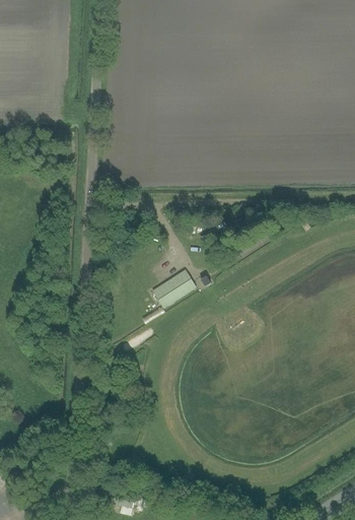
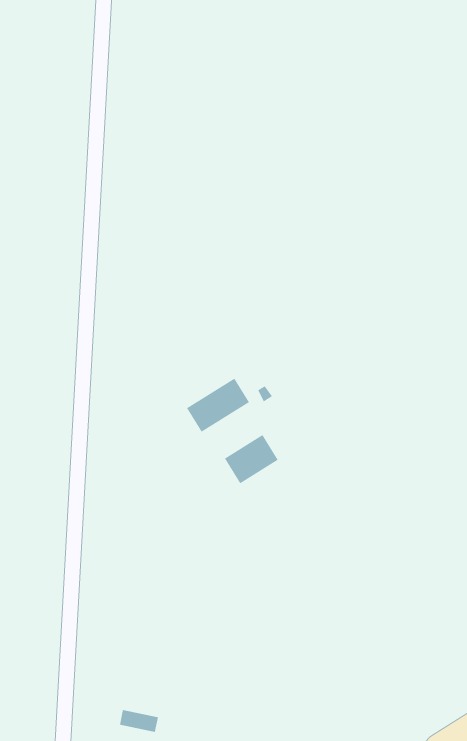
building: none -> [224,434,279,484]

